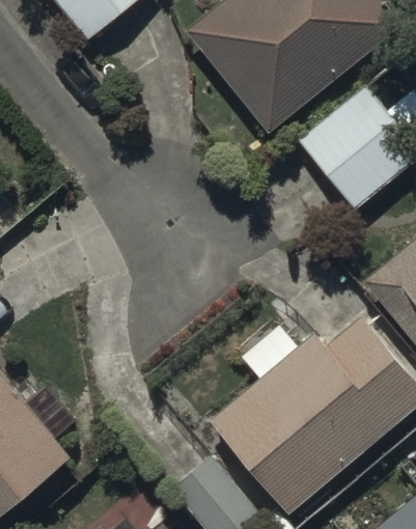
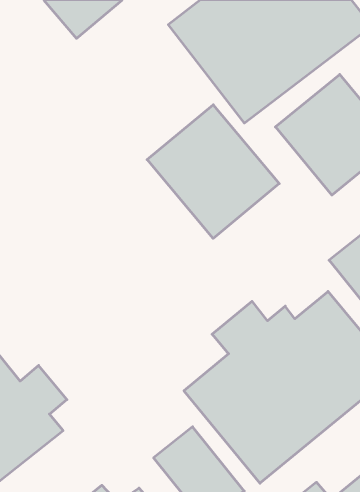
building: none -> [147,105,279,238]

